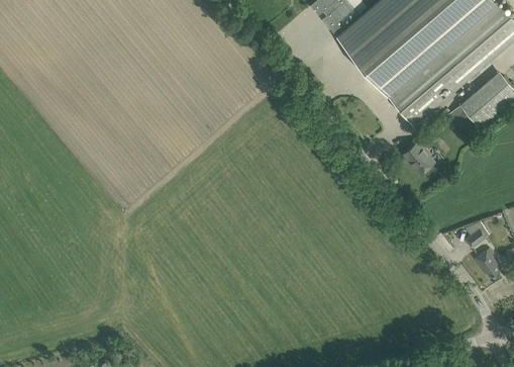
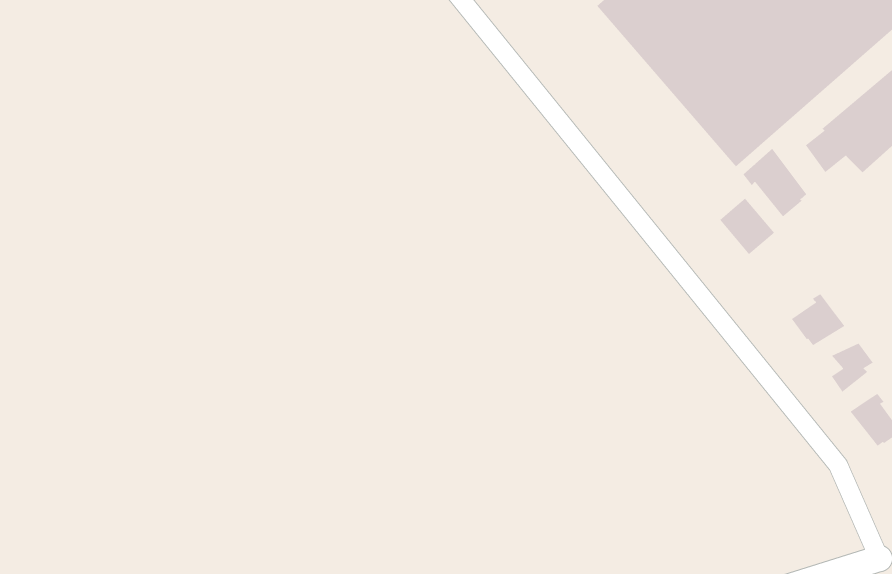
building: none -> [743,148,807,217]
building: none -> [791,293,845,346]

